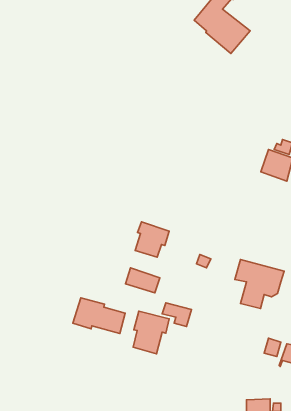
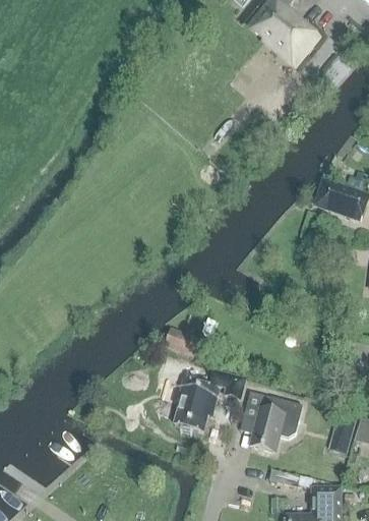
building: [135,222,169,257] -> none
building: [235,259,284,309] -> [242,392,302,452]
building: [73,298,125,334] -> none

